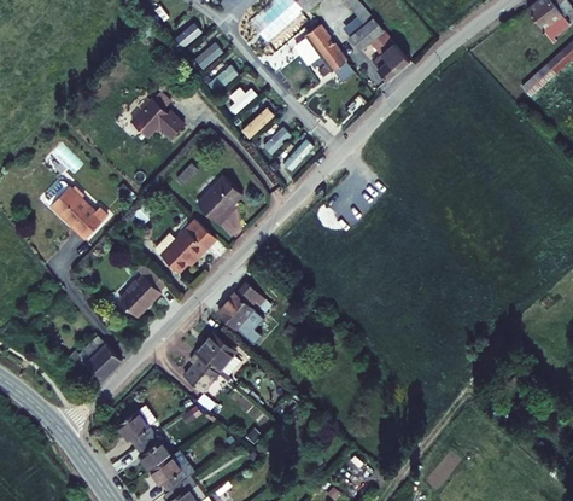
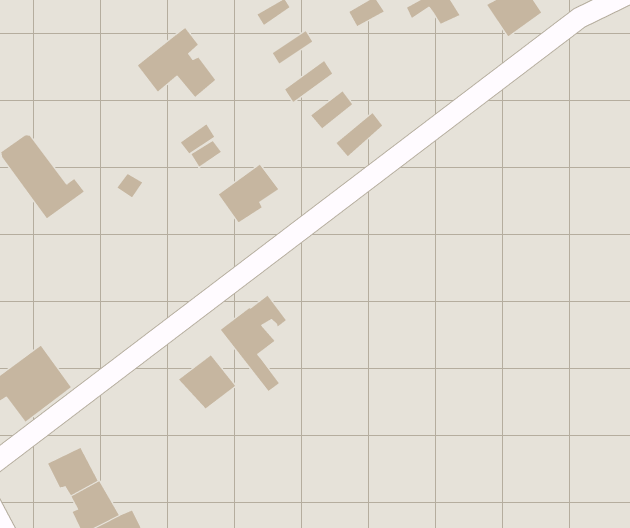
building: [157,228,218,280] -> none
building: [118,264,168,324] -> none
building: [181,345,216,385] -> none

